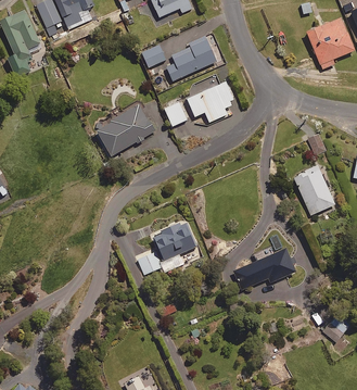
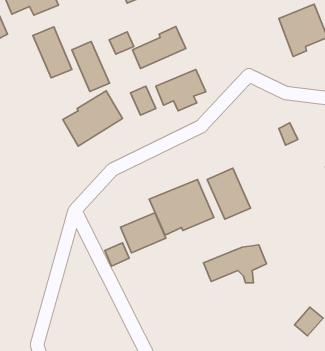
building: none -> [33,27,72,78]
building: none -> [72,42,110,91]
building: [293,165,335,215] -> [207,168,250,219]
building: none -> [149,179,214,235]

